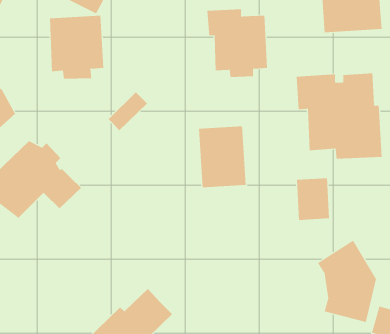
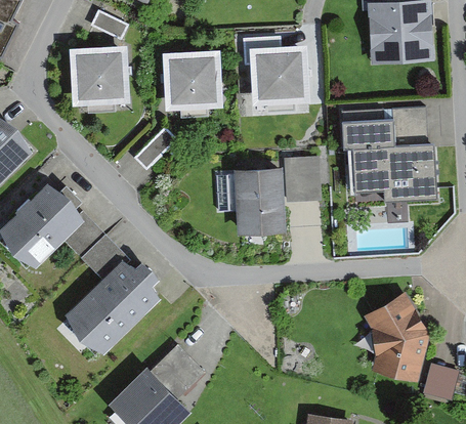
building: none -> [162,49,222,119]
building: [296,178,330,221] -> [284,157,321,204]
building: none -> [65,235,161,354]

